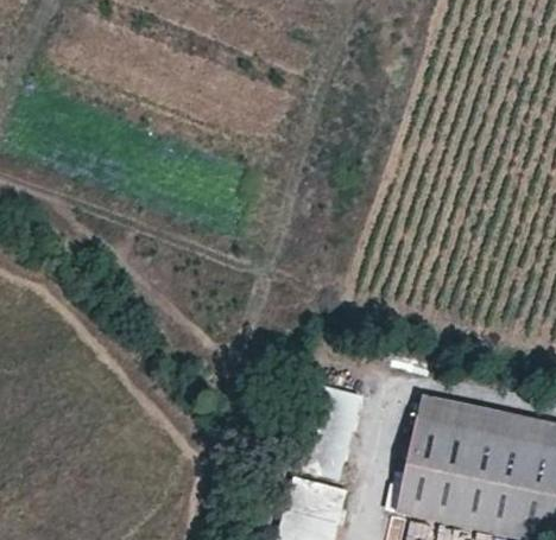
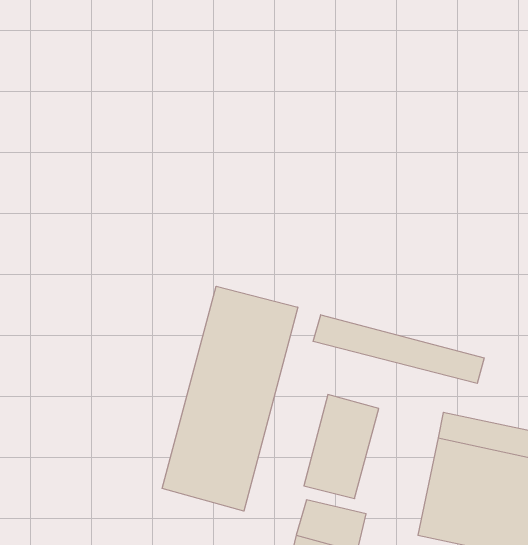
building: none -> [162,286,298,511]
building: none -> [313,315,484,383]

